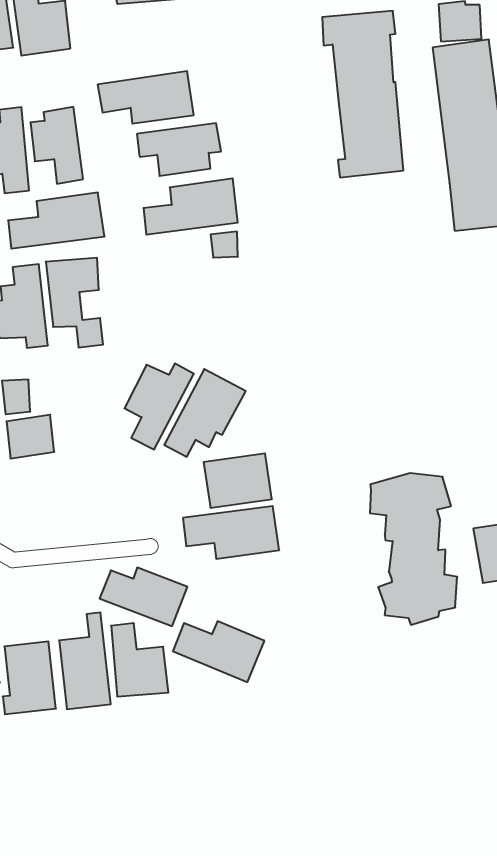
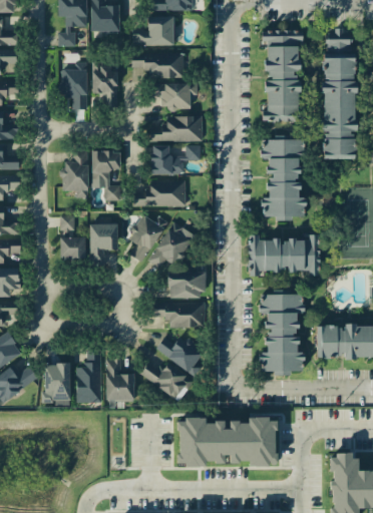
building: none -> [132,17,175,46]
building: [8,193,105,249] -> [133,180,186,206]
building: none -> [261,138,307,221]
building: none -> [151,145,182,174]
building: none -> [249,234,320,276]
building: none -> [89,223,118,266]
building: [100,568,187,626] -> [155,337,206,372]
building: none -> [177,418,277,466]

